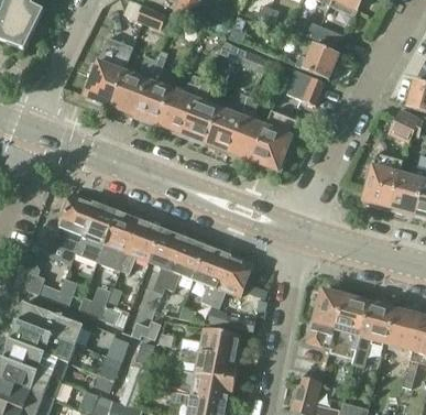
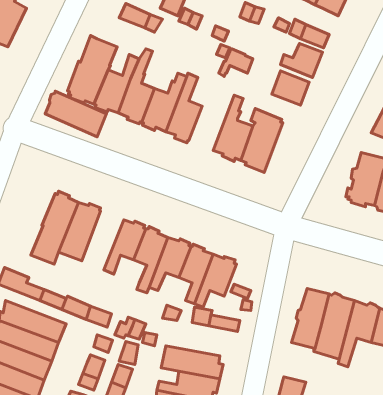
building: none -> [45,91,107,137]
building: [205,92,250,151] -> none
building: [98,209,140,270] -> none
building: [182,326,243,356] -> none

